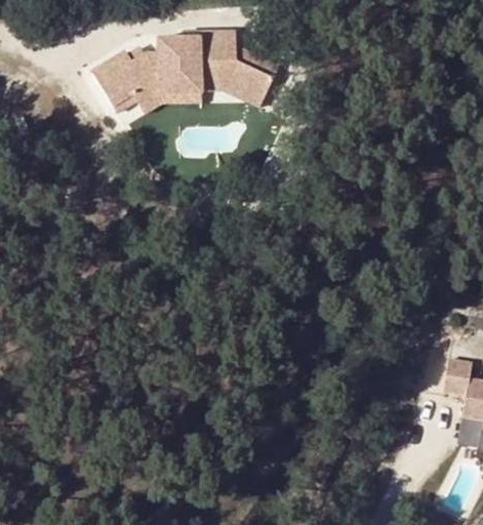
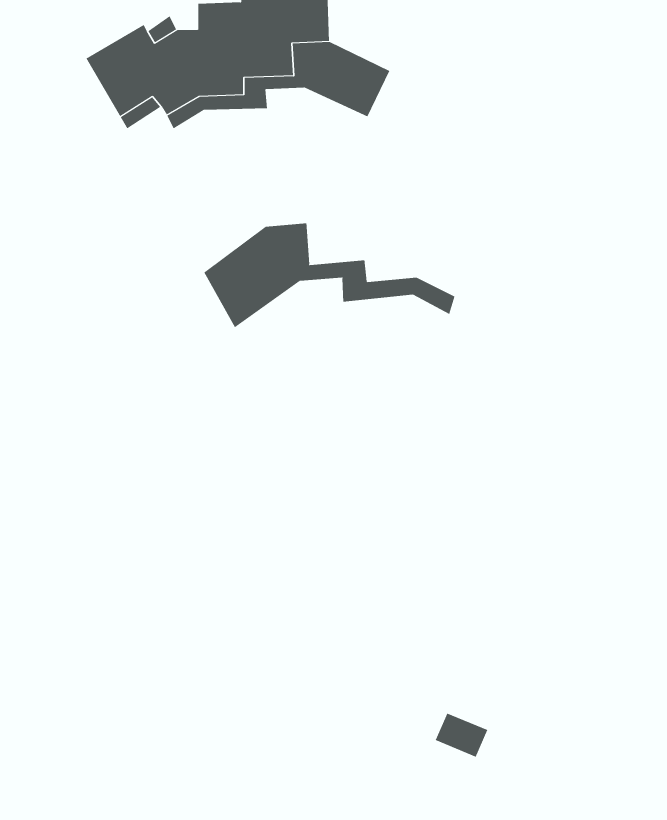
building: none -> [203,223,455,328]

